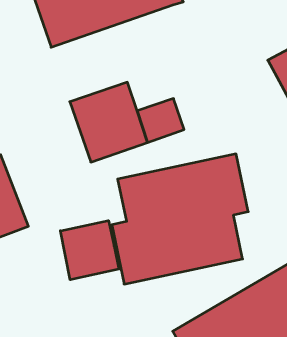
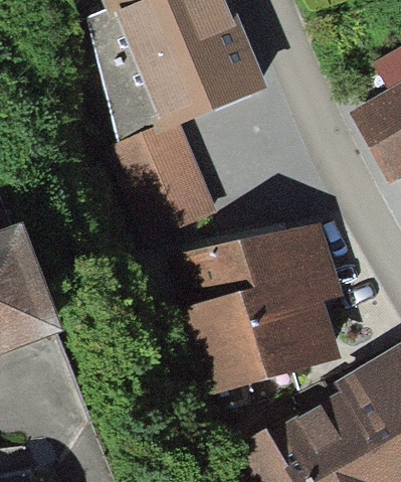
building: none -> [96,42,270,162]
building: [60,221,119,280] -> none

